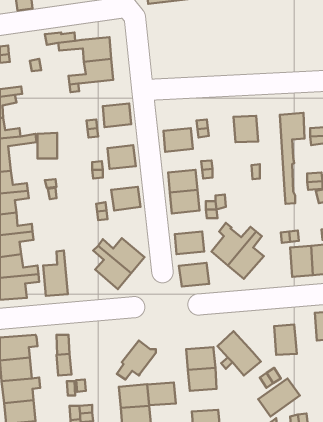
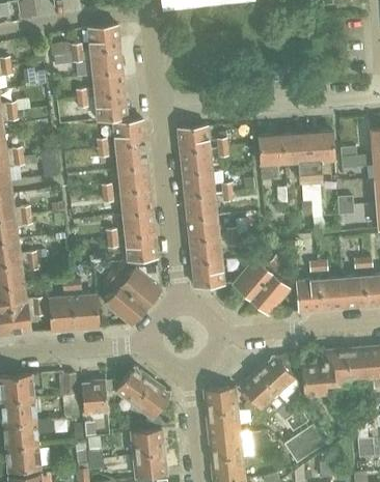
building: none -> [88,26,120,52]
building: none -> [96,95,128,121]
building: none -> [177,126,210,151]
building: none -> [281,134,313,216]
building: none -> [115,144,146,170]
building: none -> [182,171,215,197]
building: none -> [120,190,152,216]
building: none -> [126,234,157,260]
building: none -> [296,279,321,312]
building: none -> [71,282,98,330]
building: [179,263,209,287] -> [189,238,222,264]
building: none -> [323,350,348,382]
building: none -> [256,356,295,393]
building: none -> [115,365,153,404]
building: none -> [80,381,107,414]
building: [147,383,176,405] -> [209,433,240,458]

